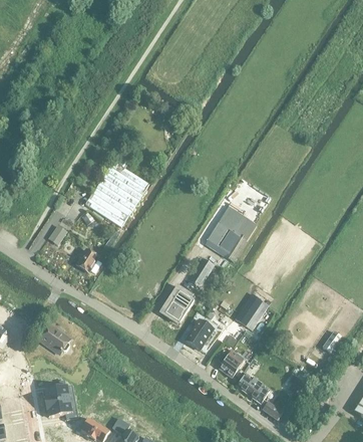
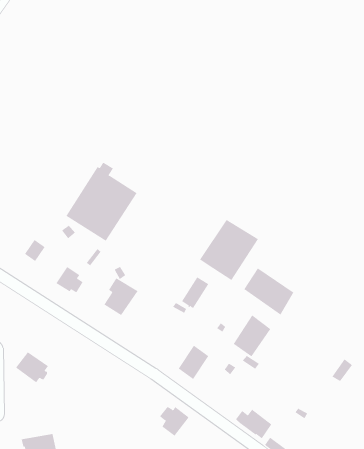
building: none -> [243,267,294,316]
building: [163,289,195,323] -> [104,278,138,316]
building: [218,351,245,378] -> [159,406,190,437]
building: [44,381,74,404] -> none

